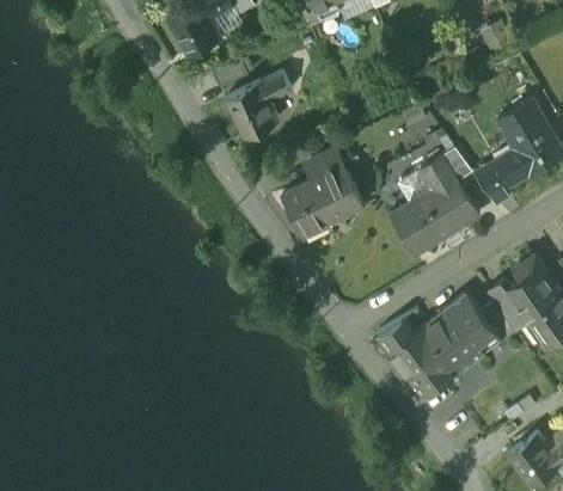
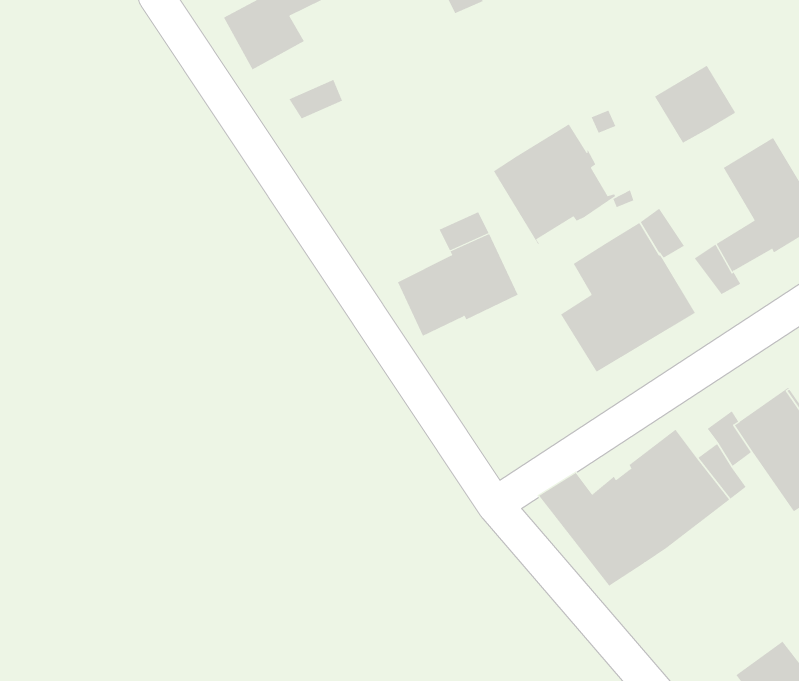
building: none -> [654,65,735,144]
building: [226,74,292,136] -> none
building: none -> [493,124,616,244]

